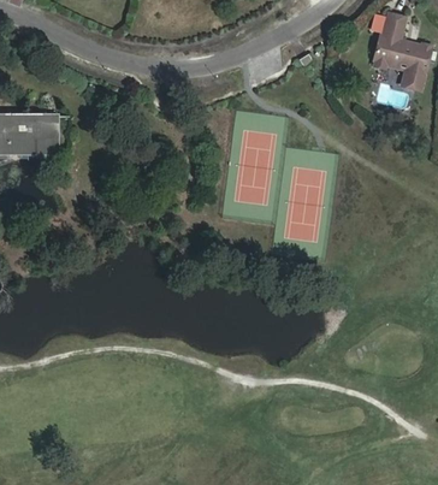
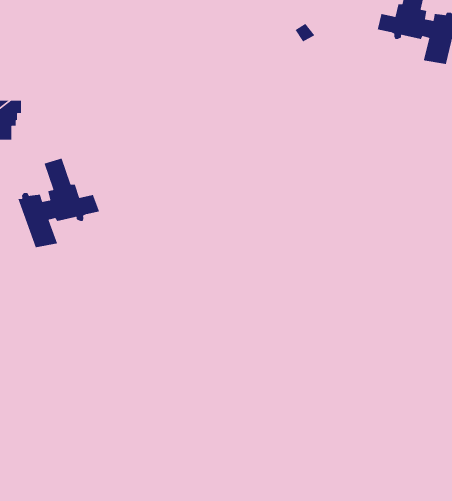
building: none -> [17,157,100,248]

